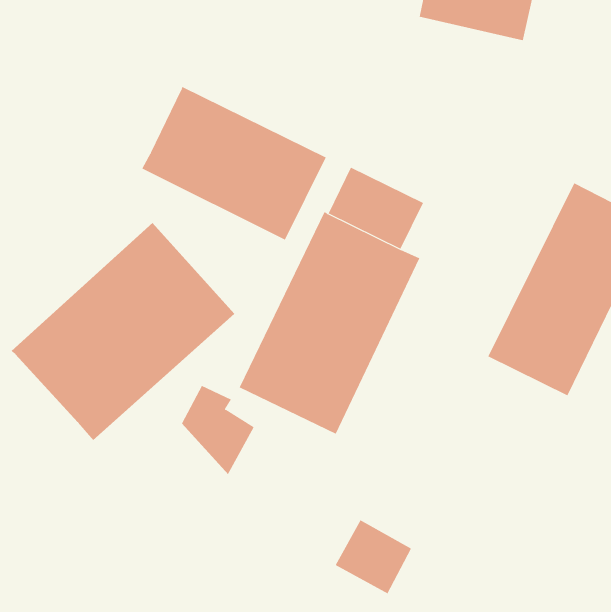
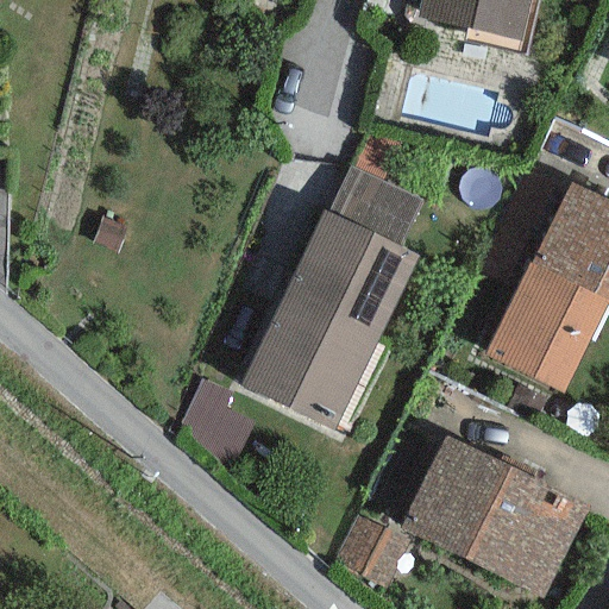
building: [142,86,326,241] -> none
building: [11,222,235,441] -> none
building: none -> [401,434,590,597]

